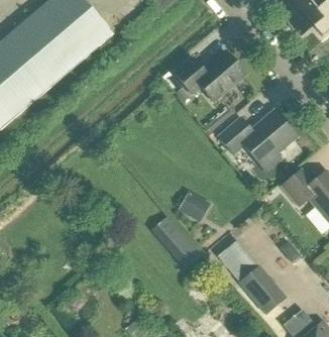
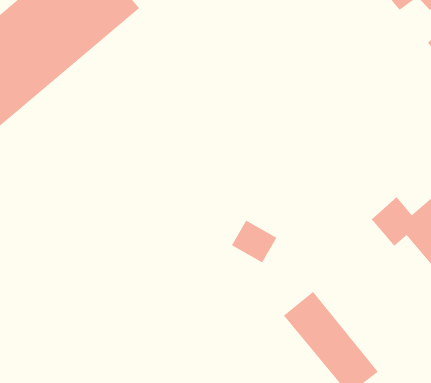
building: [173,50,245,102] -> none
building: [217,110,296,172] -> none
building: [155,214,200,264] -> none

